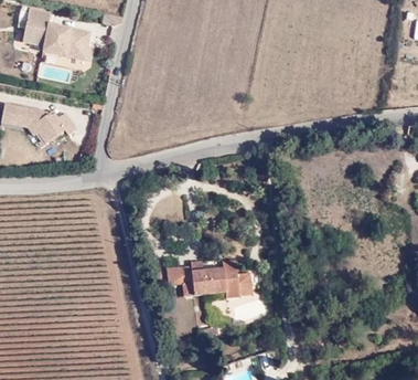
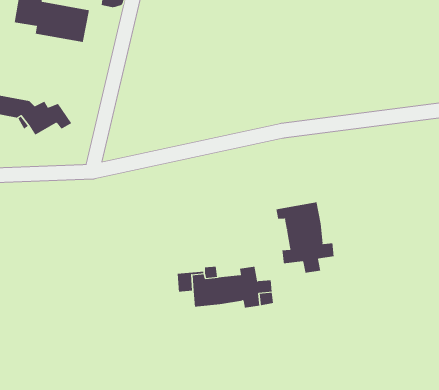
building: none -> [276,201,334,274]

